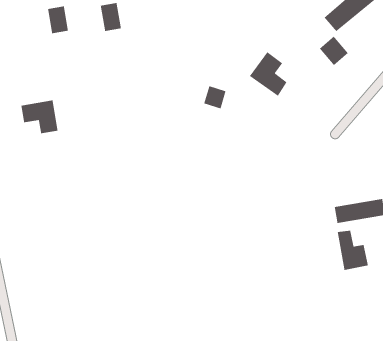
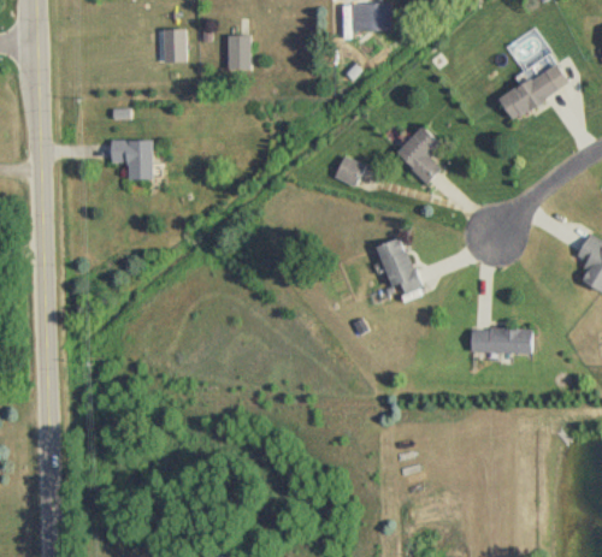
building: [319,36,349,66] -> none
building: none -> [374,236,421,292]
building: [337,230,369,271] -> none

